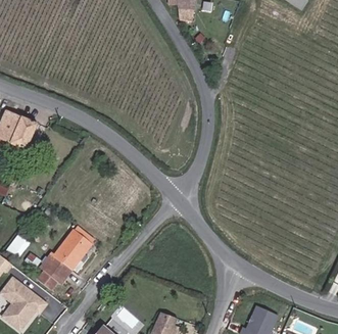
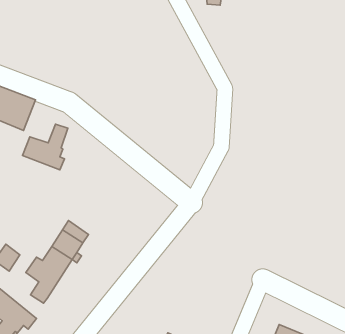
building: none -> [23,124,68,170]

